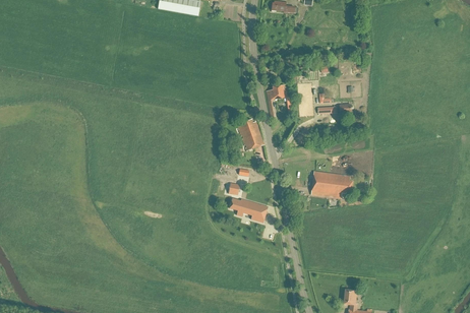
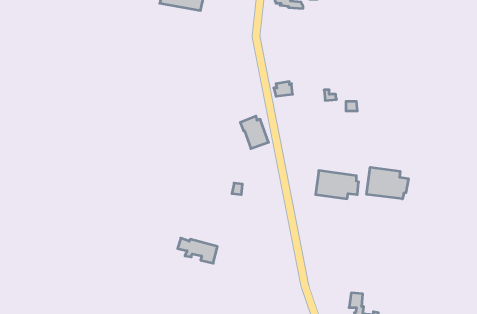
building: none -> [367,167,408,199]
building: [229,197,268,222] -> [178,238,217,263]

